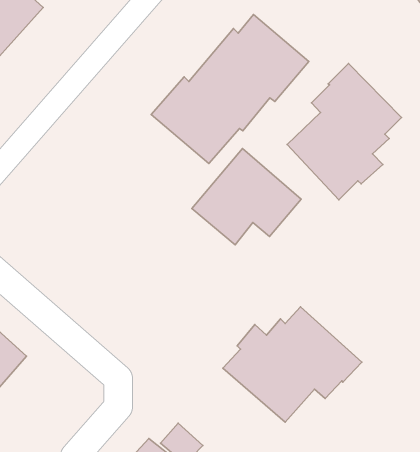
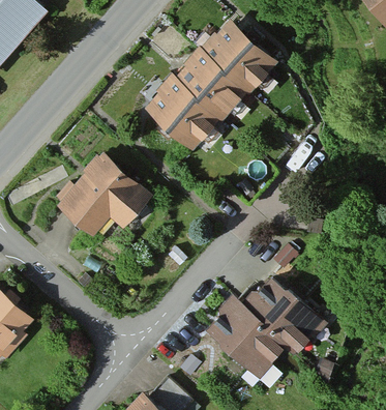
building: [287,63,401,200] -> none
building: [192,149,301,245] -> [57,151,153,236]

